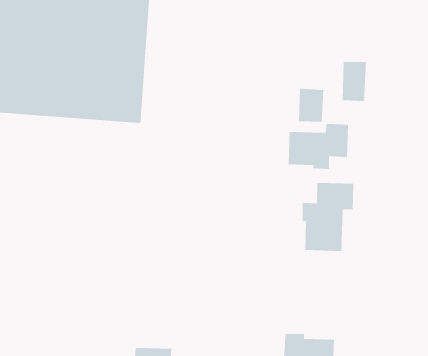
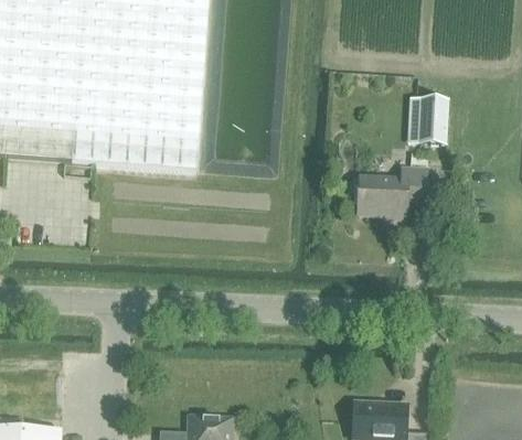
building: [299,88,324,123] -> none
building: [302,182,354,252] -> none

